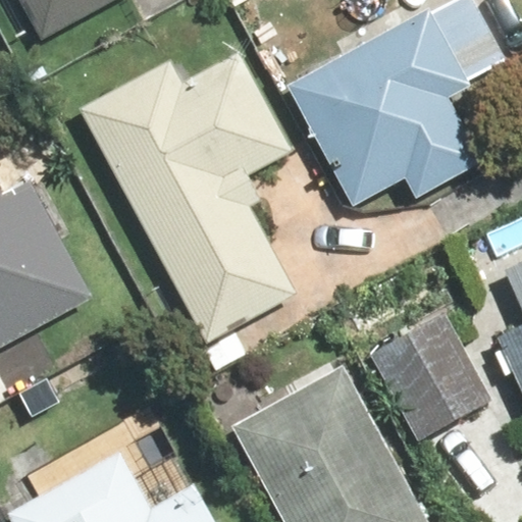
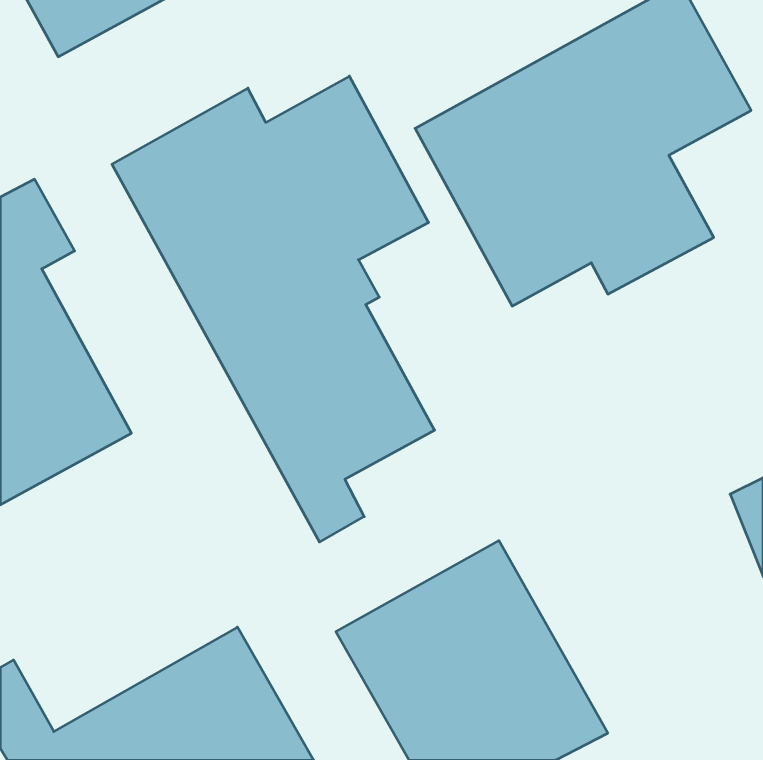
building: [367,314,494,442] -> none

